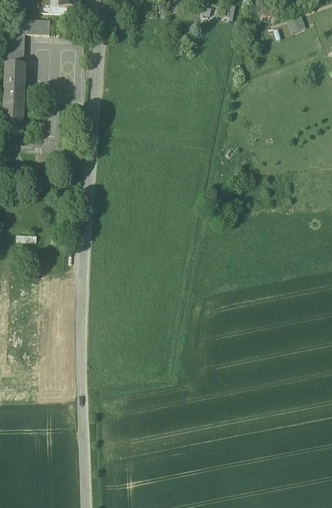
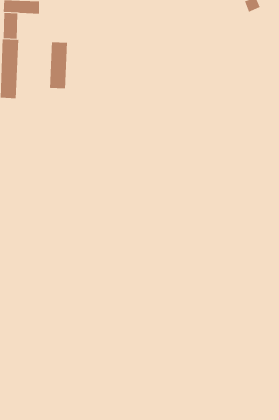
building: none -> [49,41,68,89]

